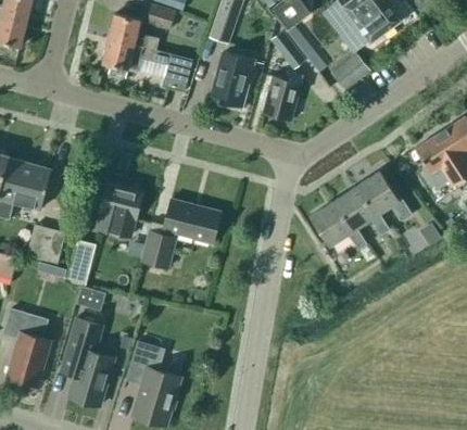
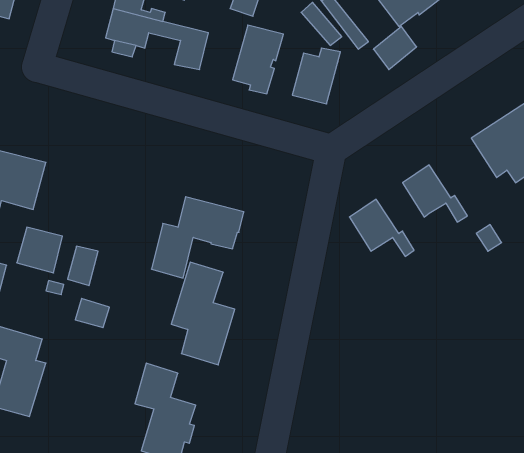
building: [97,181,142,237] -> none
building: [333,187,389,235] -> none
building: [60,318,114,406] -> [171,262,235,365]

